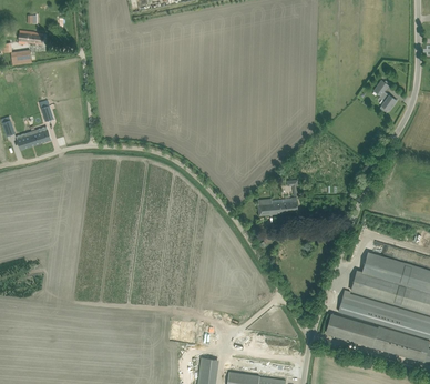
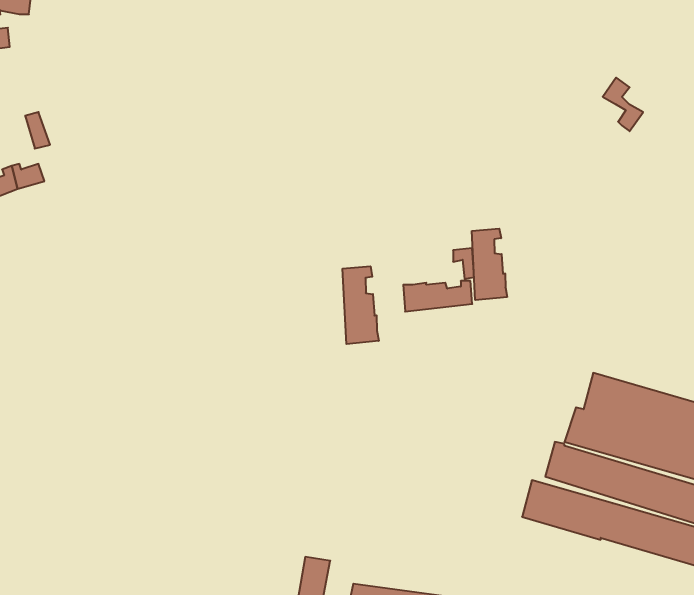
building: none -> [472,229,507,300]
building: none -> [343,266,379,344]

